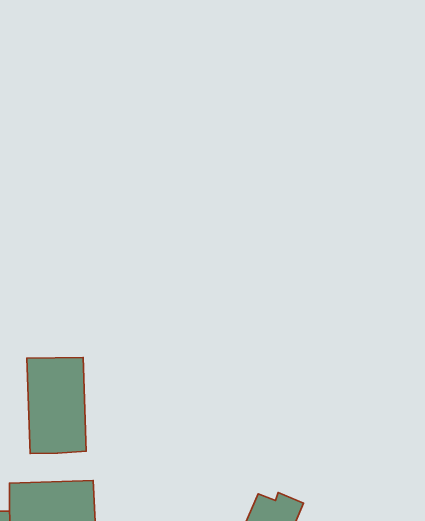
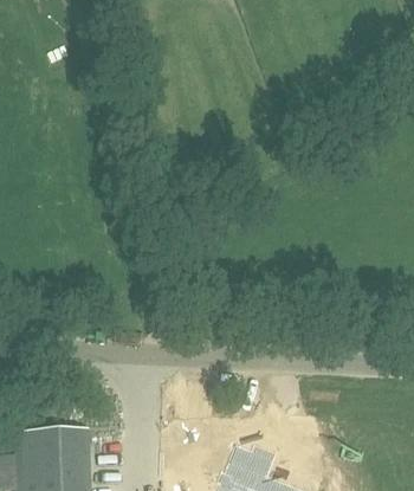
building: [27,358,86,453] -> none

